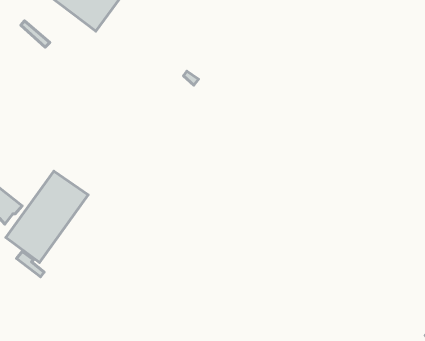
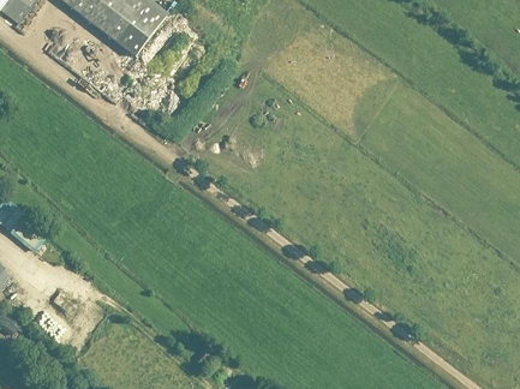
building: [6,171,88,263] -> none

